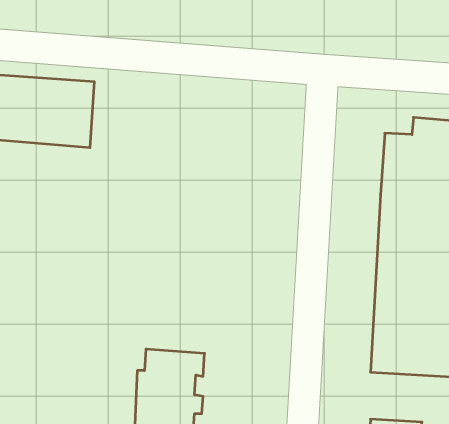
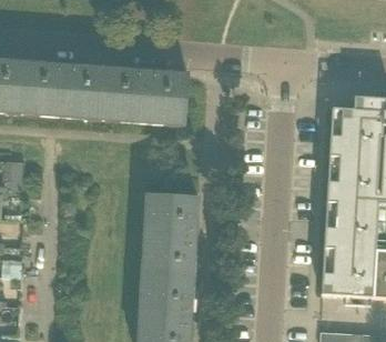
building: none -> [103,69,187,125]
building: none -> [142,195,197,280]

